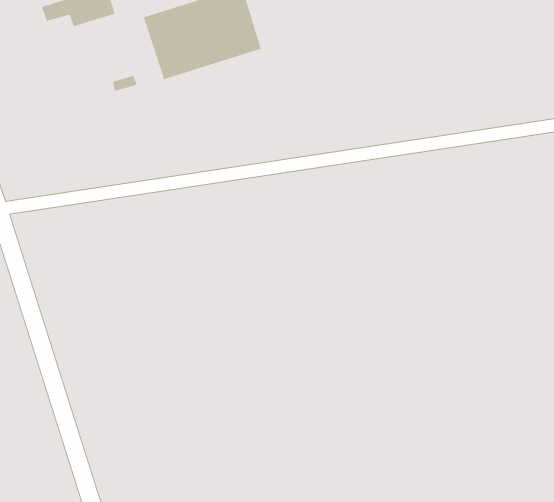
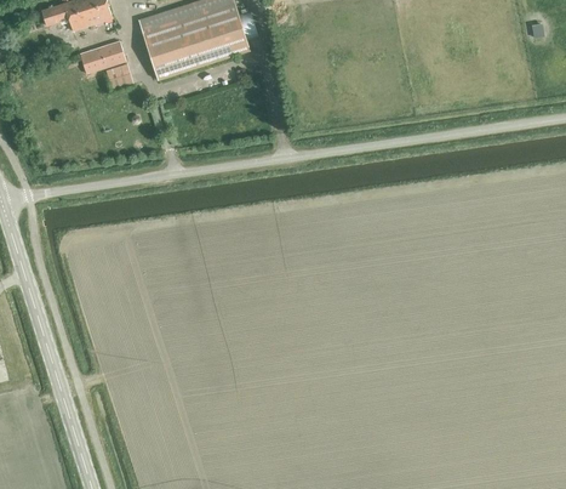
building: none -> [79,40,125,73]

